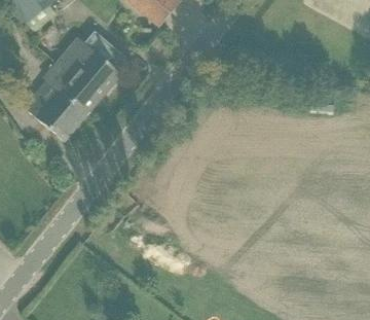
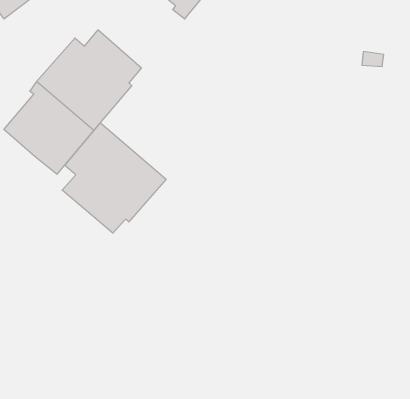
building: none -> [62,123,166,233]

